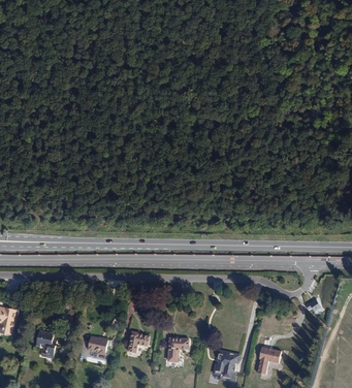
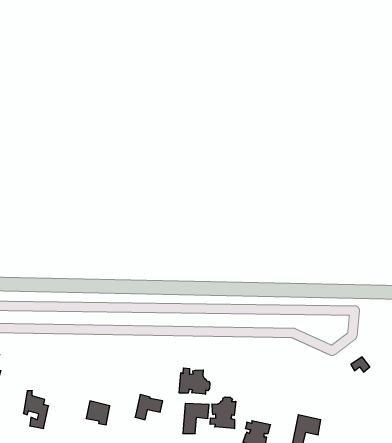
building: none -> [179,368,210,394]
building: none -> [210,397,236,429]

